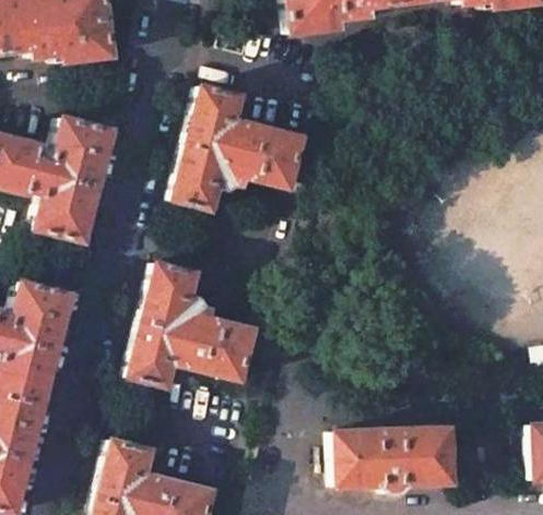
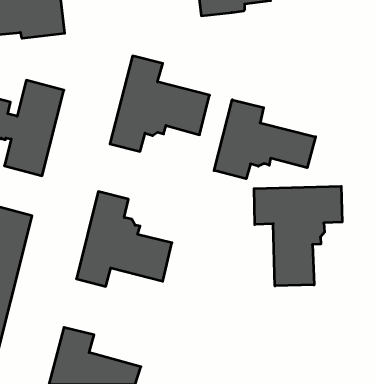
building: none -> [214,100,316,179]
building: none -> [254,186,342,286]
building: [334,428,452,493] -> none

